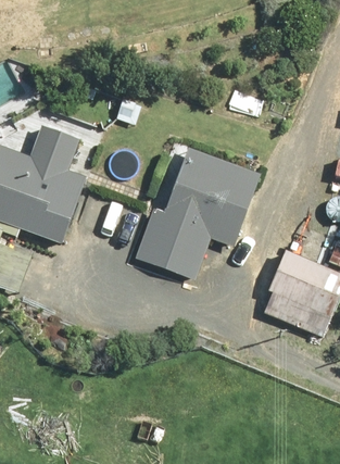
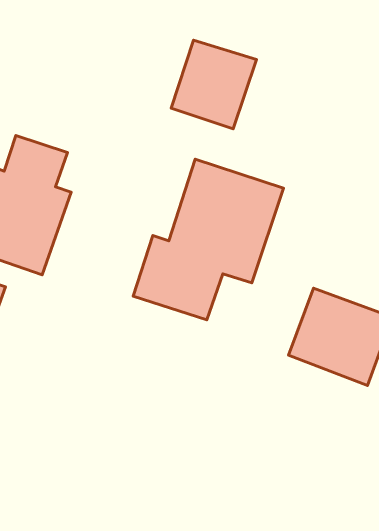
building: none -> [171,40,256,129]

